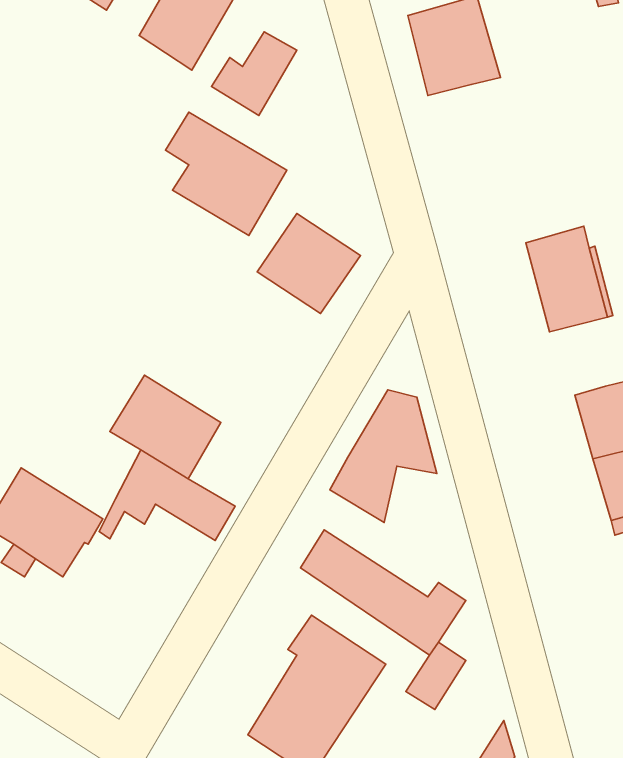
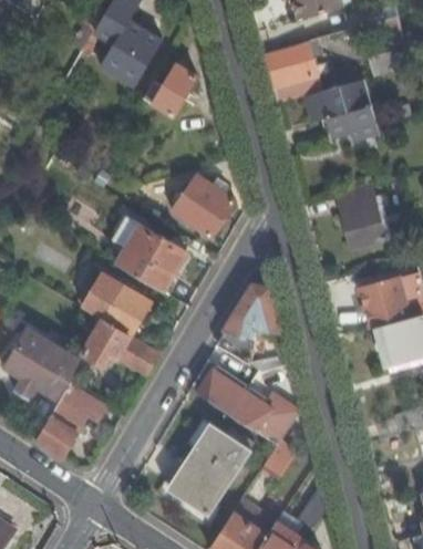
building: none -> [303,81,376,142]
building: [165,112,287,236] -> [111,216,185,291]
building: none -> [35,382,104,457]

